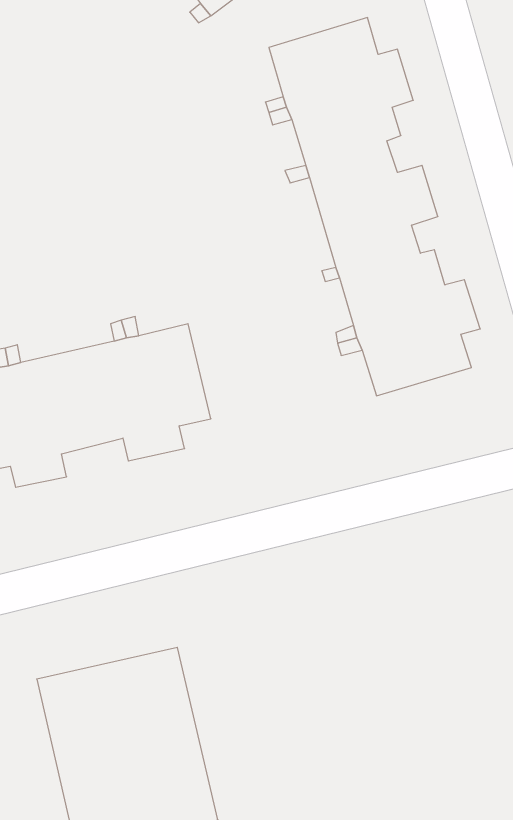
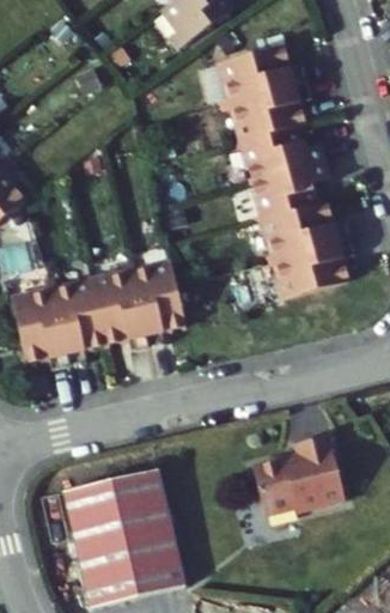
building: none -> [267,429,361,509]

